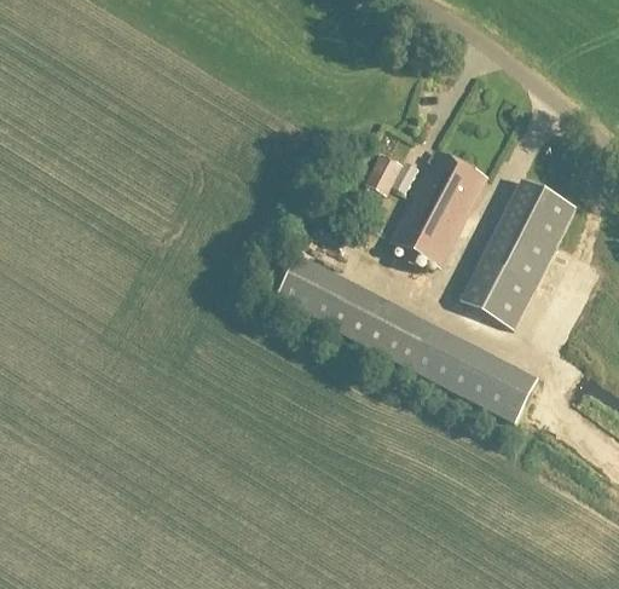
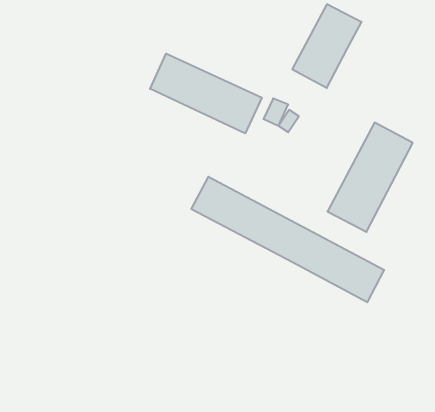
building: none -> [150,54,262,133]
building: [393,151,487,265] -> [292,4,362,88]

